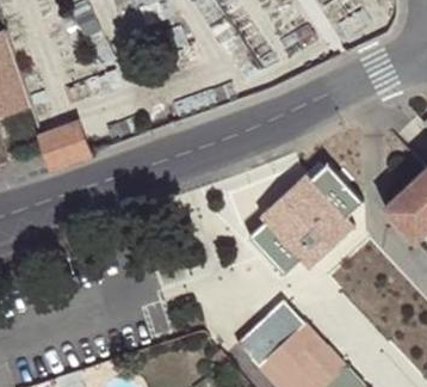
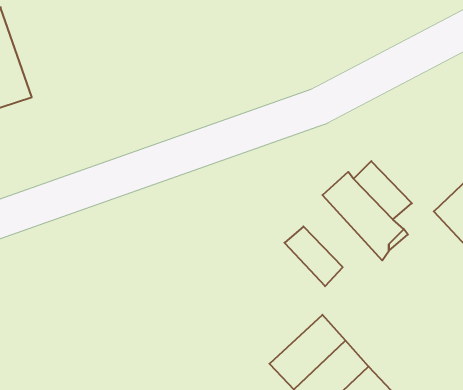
building: [39,123,88,170] -> none
building: [262,195,338,269] -> none

